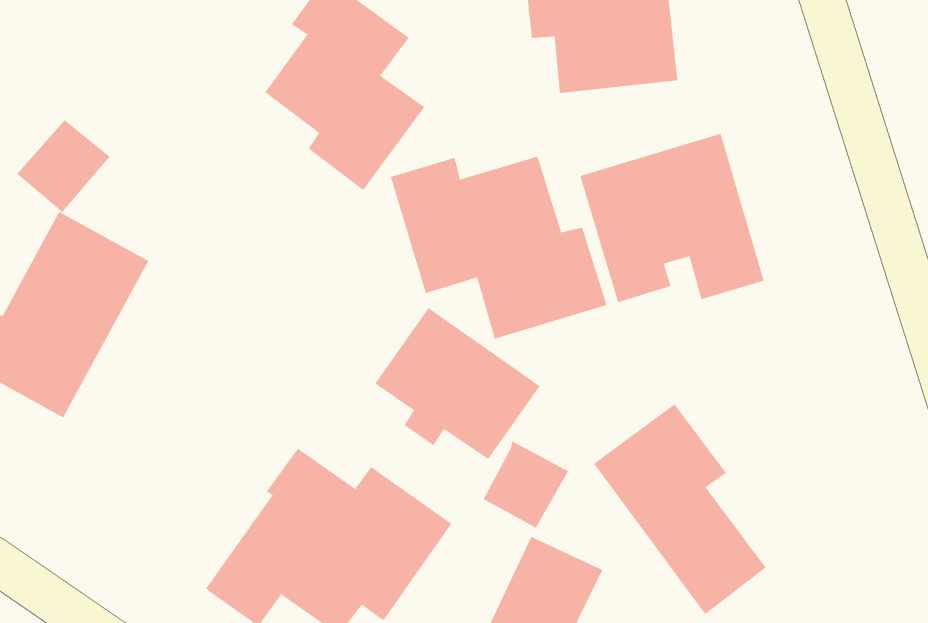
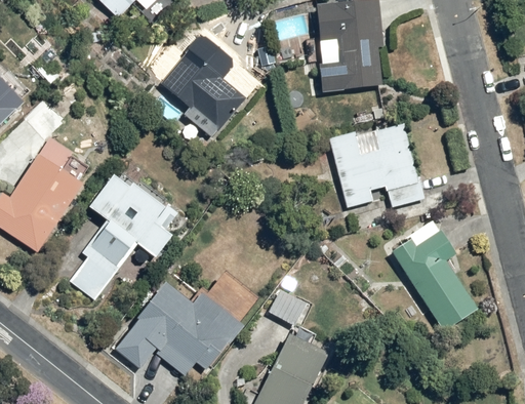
building: [390,156,607,339] -> none
building: none -> [67,168,184,300]
building: [374,307,540,460] -> none
building: [593,404,767,615] -> [389,219,479,334]

